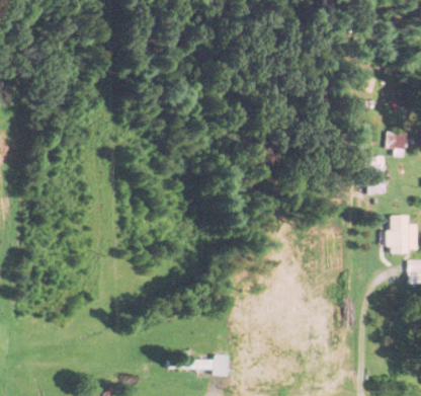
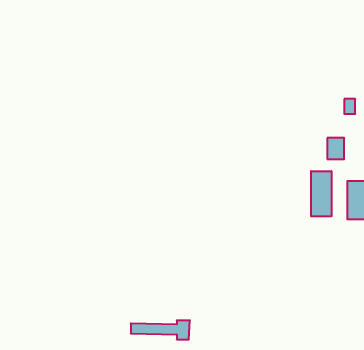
building: none -> [311,171,331,216]

